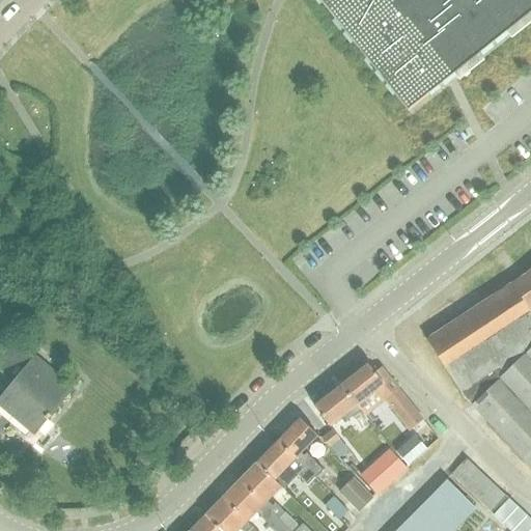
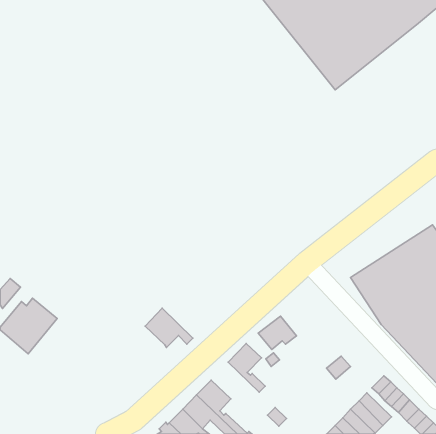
building: [341,362,423,428] -> none
building: [257,440,315,487] -> [145,308,193,348]
building: [360,447,406,492] -> none
building: [340,476,373,509] -> none

